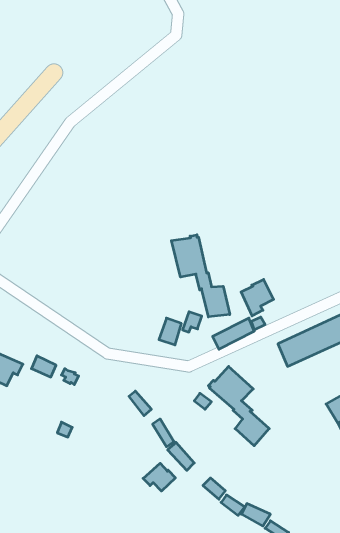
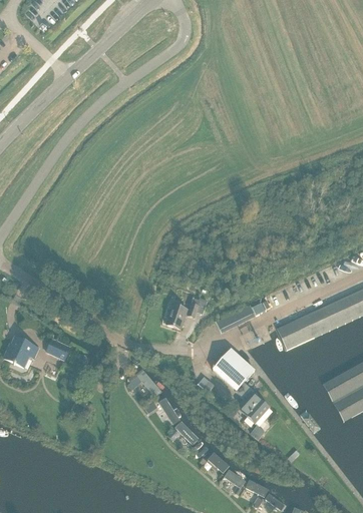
building: [171,235,230,317] -> none
building: [241,279,274,316] -> none
building: [143,463,175,491] -> none

